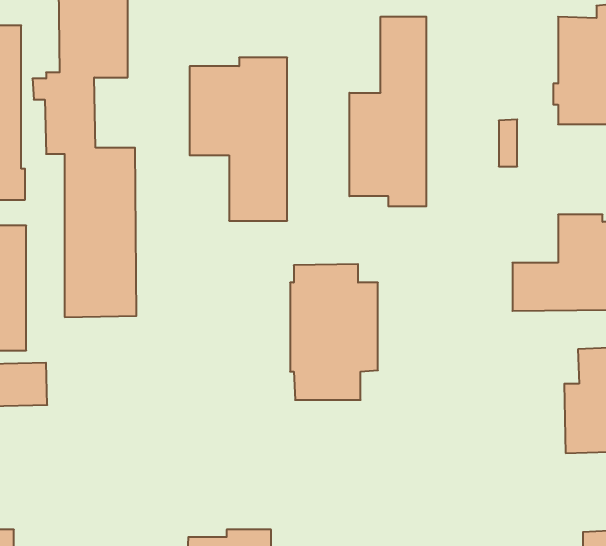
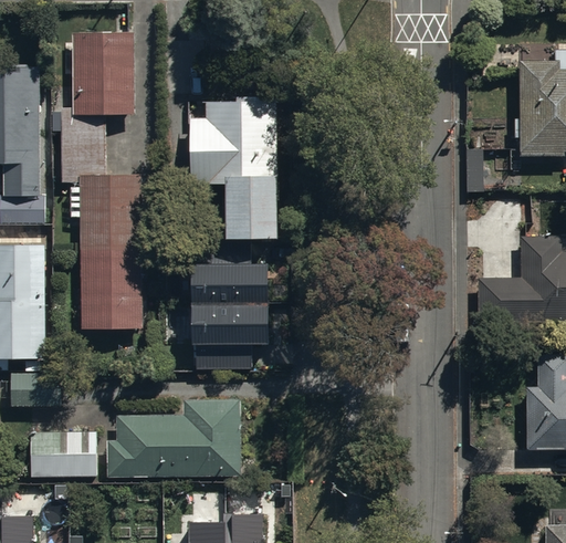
building: [349,17,426,206] -> none
building: [290,264,378,400] -> [190,250,269,372]
building: none -> [106,399,243,477]
building: none -> [30,430,96,478]

